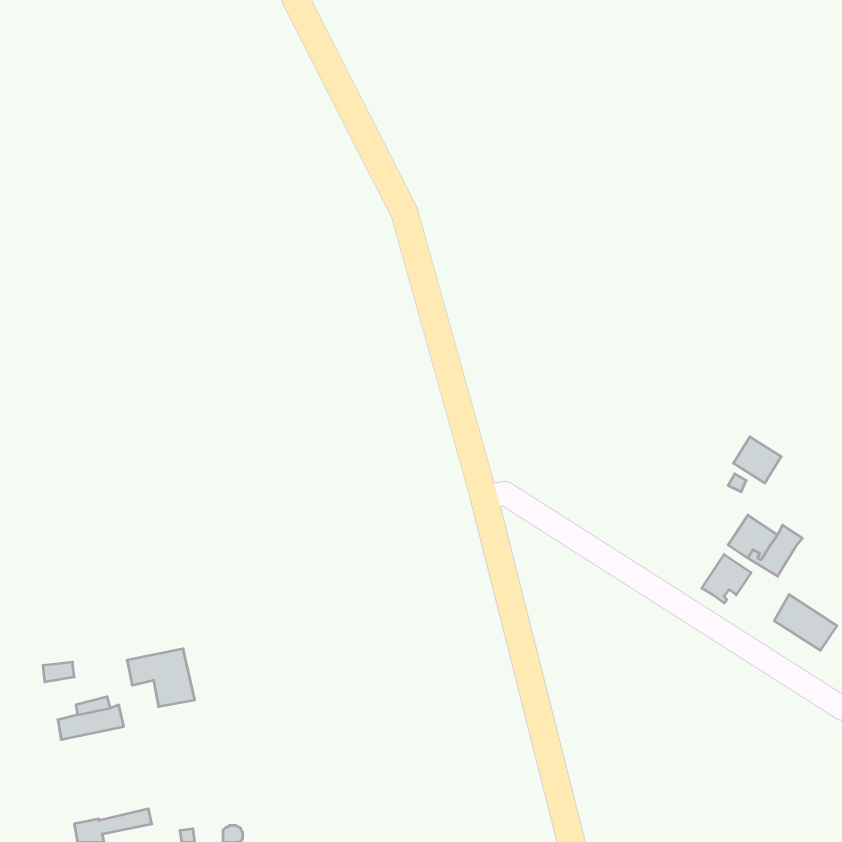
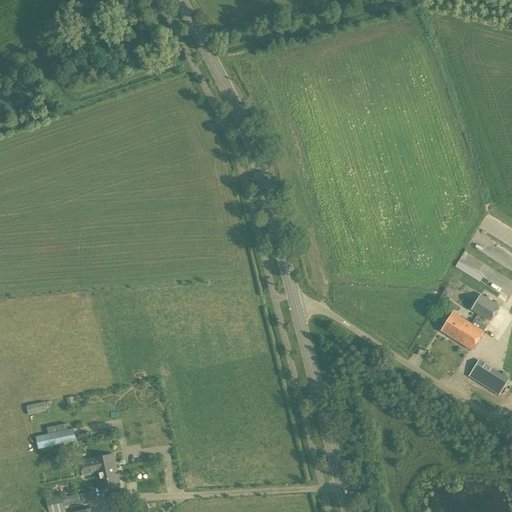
building: [733,437,781,483] -> [470,293,499,321]
building: [702,554,751,603] -> none
building: [127,649,195,707] -> [79,453,120,488]

